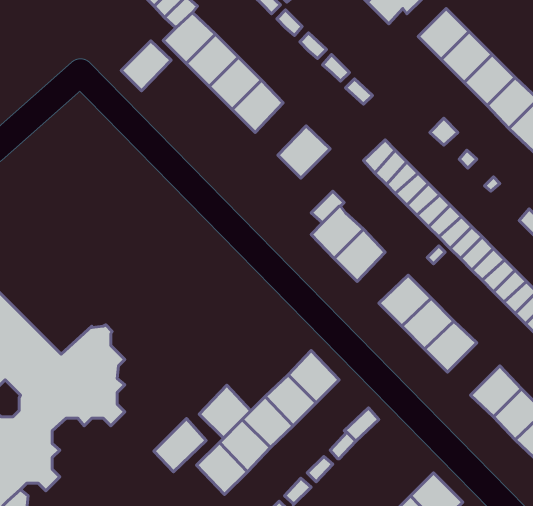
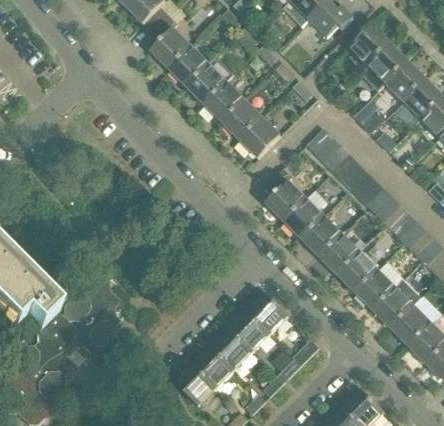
building: [121,41,171,91] -> none
building: none -> [222,99,262,140]
building: none -> [302,216,342,256]
building: none -> [373,279,422,328]
building: [199,385,251,438] -> none
building: [154,419,206,472] -> none

